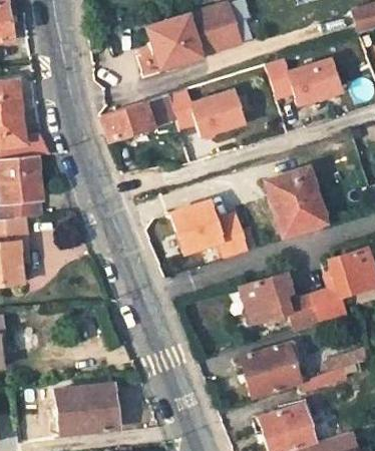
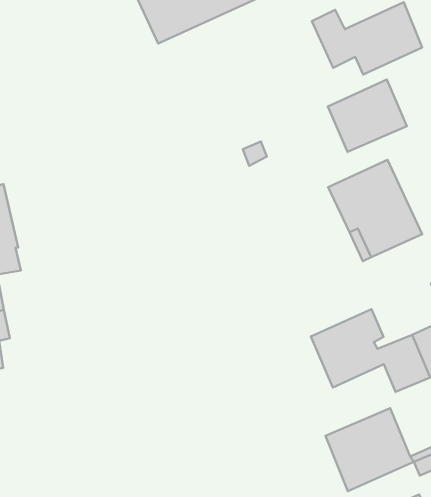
building: [190,90,243,137] -> [328,79,407,152]
building: [101,94,174,140] -> none
building: [169,200,246,258] -> none

